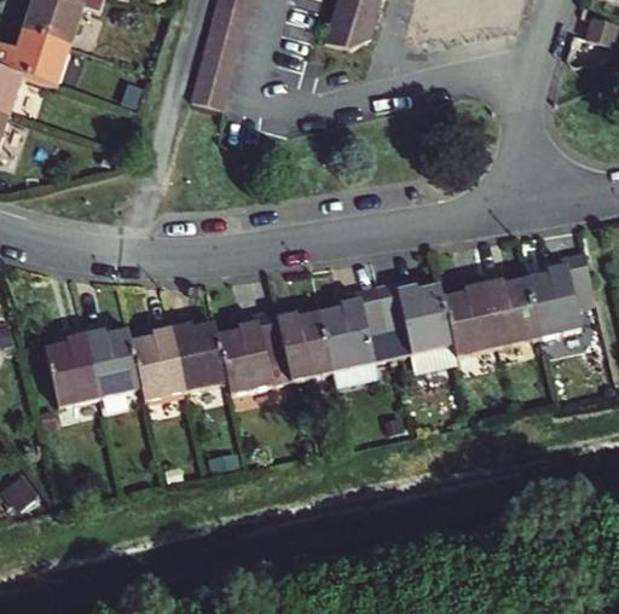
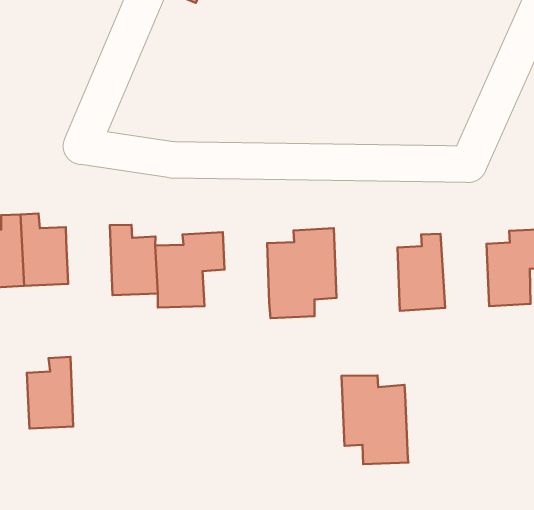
building: [487,276,544,348] -> none
building: [386,284,462,370] -> [342,375,408,464]
building: [282,307,336,377] -> none
building: [135,322,187,395] -> [27,357,73,428]

